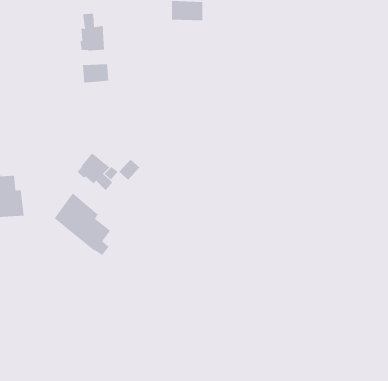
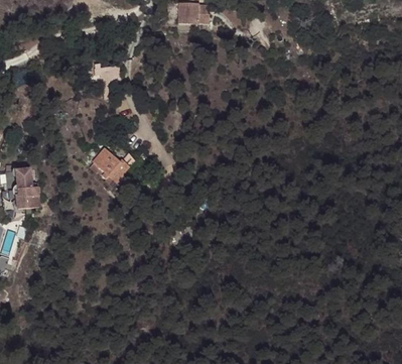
building: [80,13,105,52] -> none
building: [54,193,111,256] -> none

